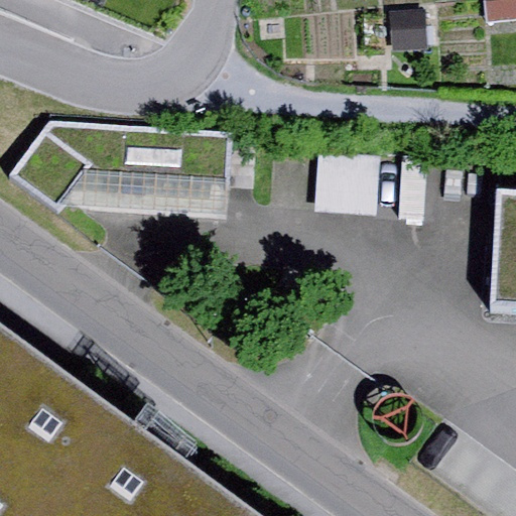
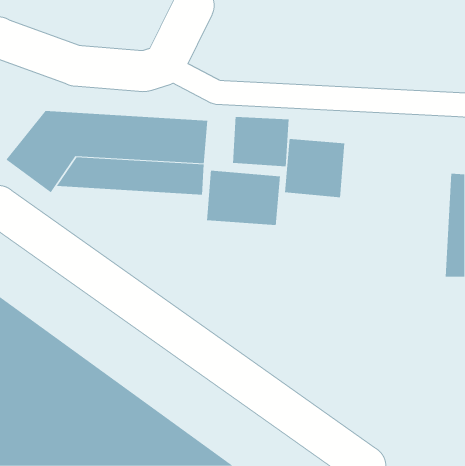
building: none -> [232,116,289,167]
building: none -> [206,170,280,226]

